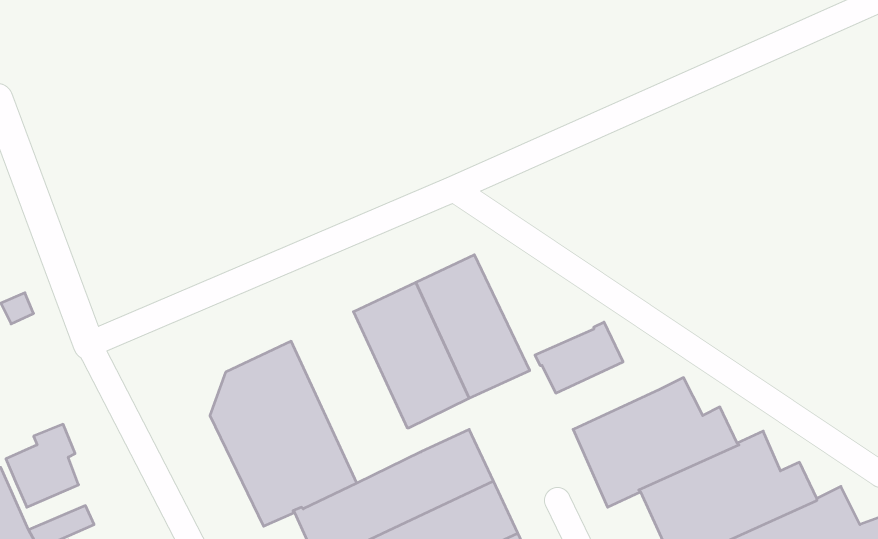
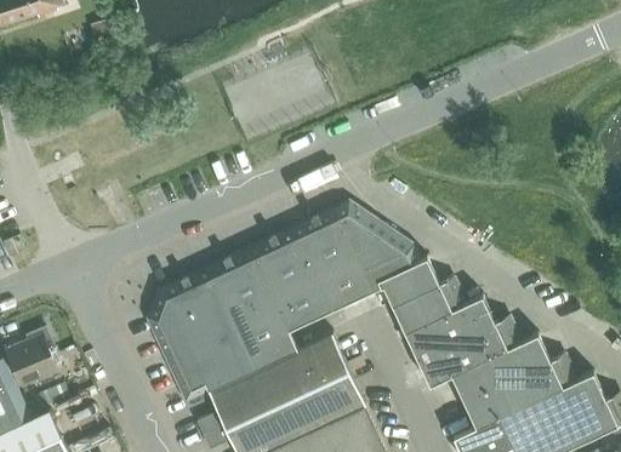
building: none -> [335,207,418,293]
building: none -> [206,252,297,372]
building: none -> [392,281,465,334]

